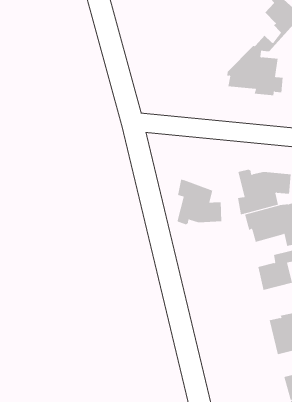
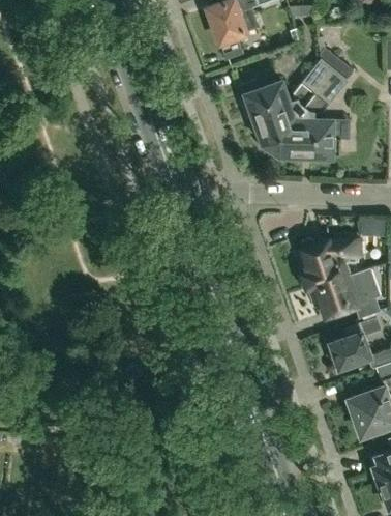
building: none -> [237,70,331,159]
building: [177,179,222,225] -> none

